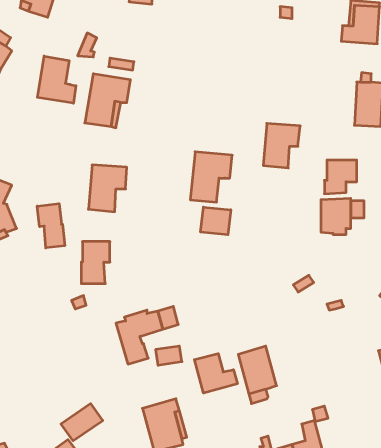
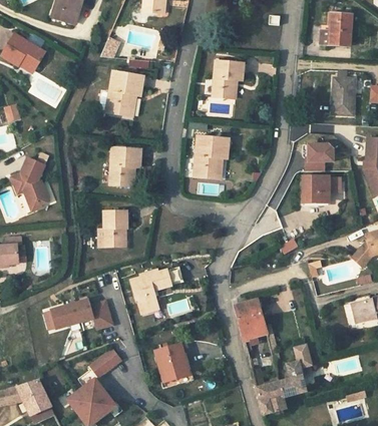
building: [37,56,76,103] -> none
building: [263,123,300,168] -> [212,61,243,98]
building: [37,204,65,248] -> none
building: [201,207,231,235] -> none
building: none -> [50,299,111,329]
building: [194,354,237,393] -> none

